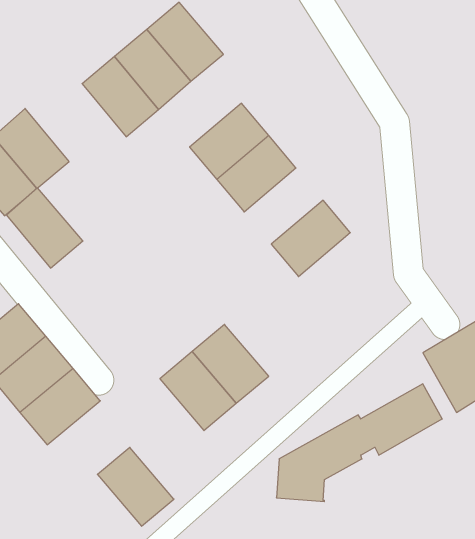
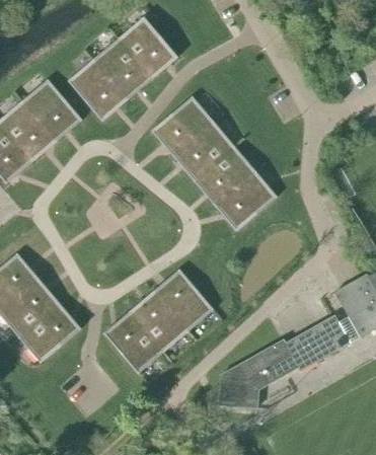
building: none -> [194,146,255,206]
building: [6,188,83,268] -> [22,78,82,141]
building: [97,447,174,526] -> [102,311,162,373]

